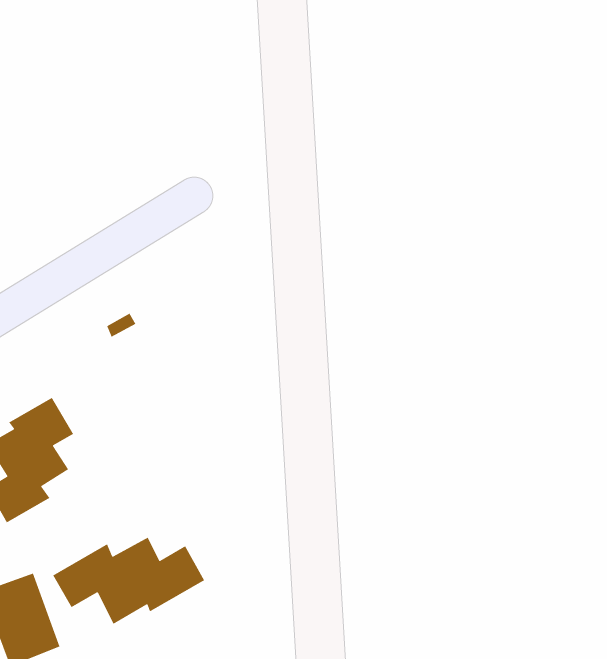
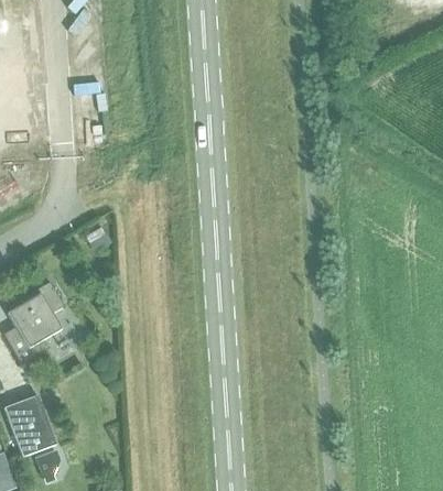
building: [52,536,205,625] -> none

